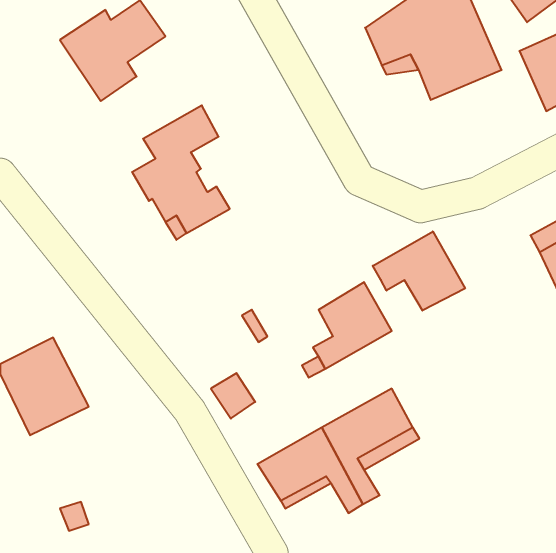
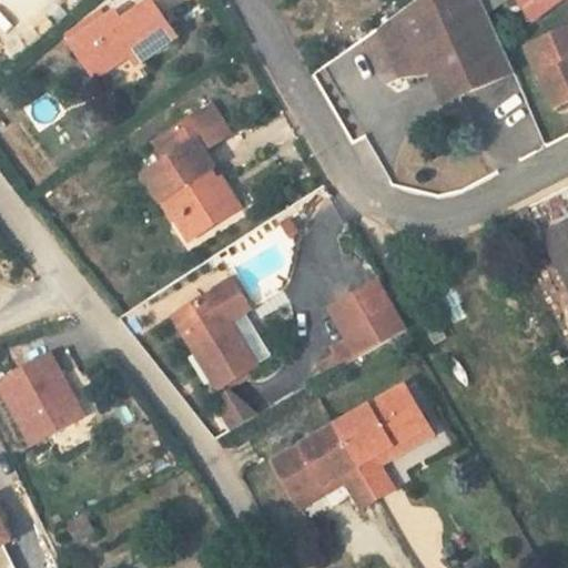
building: [373,231,465,311] -> none
building: none -> [172,280,254,388]

